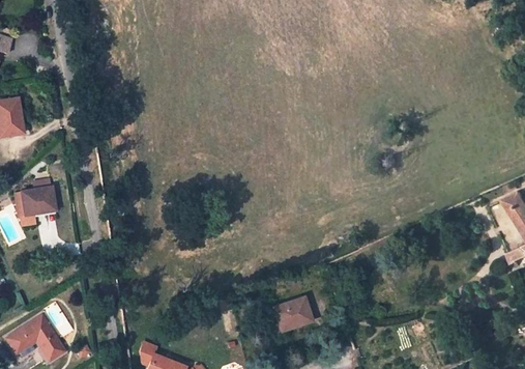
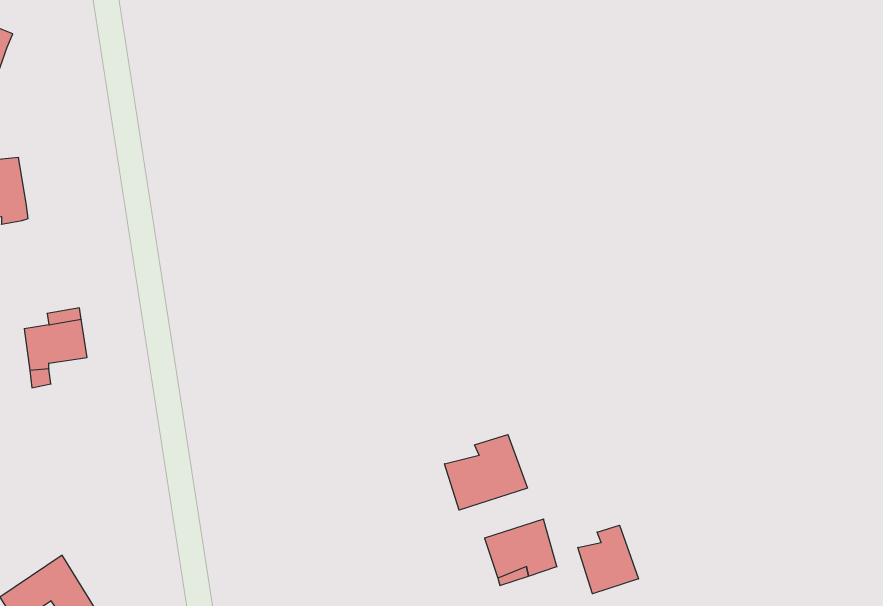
building: none -> [445,435,527,510]
building: none -> [578,525,638,594]

